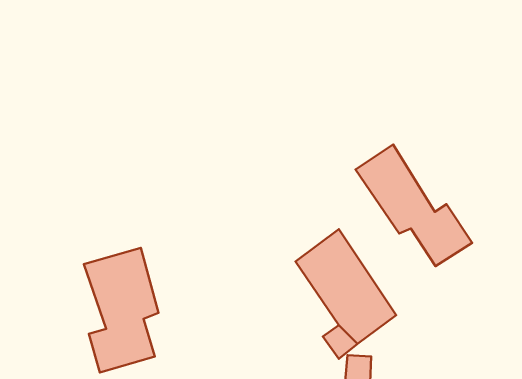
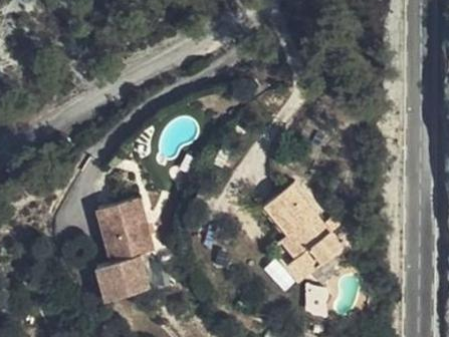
building: [355,145,472,266] -> none

